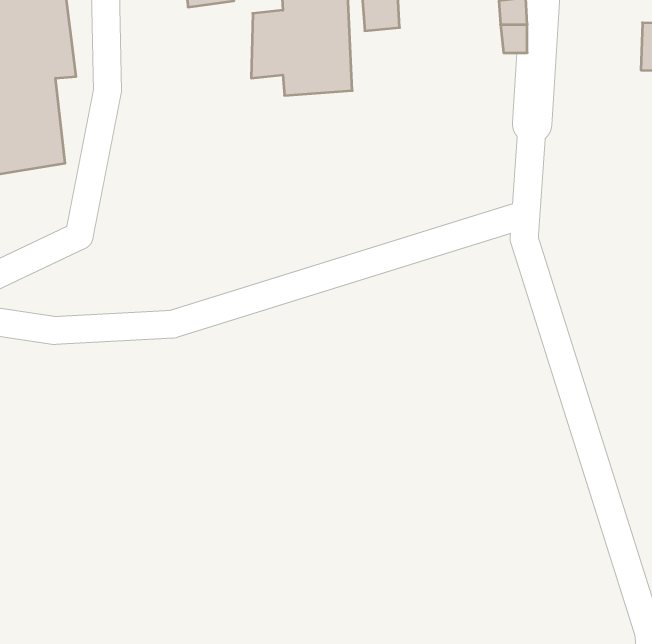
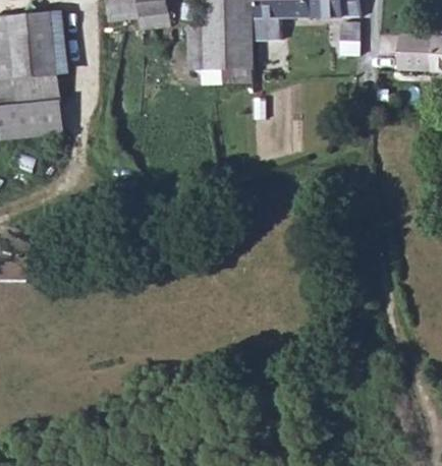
building: none -> [400,38,434,69]

